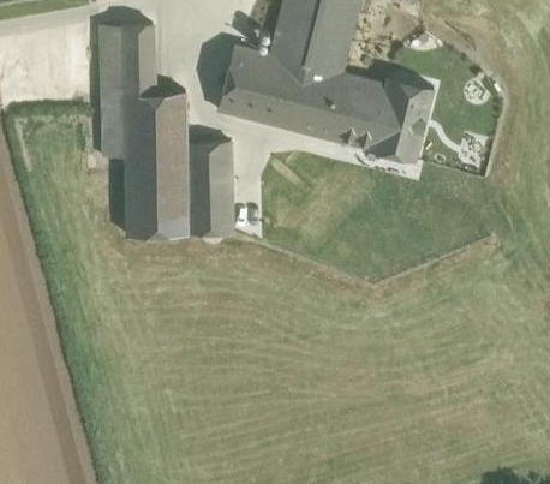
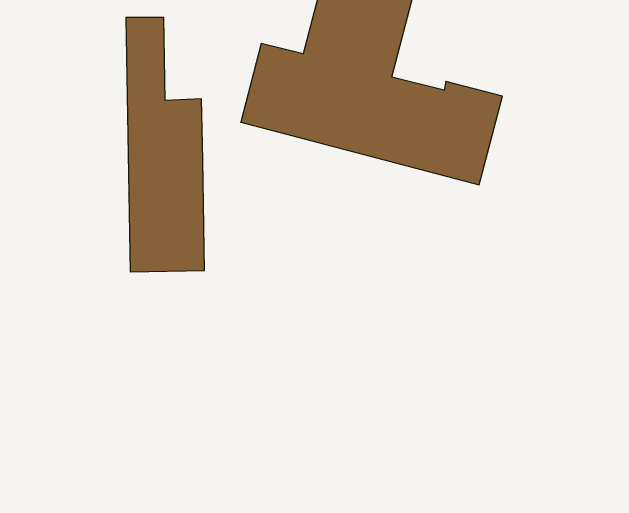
building: [101,24,125,169] -> none
building: [186,142,233,233] -> none

